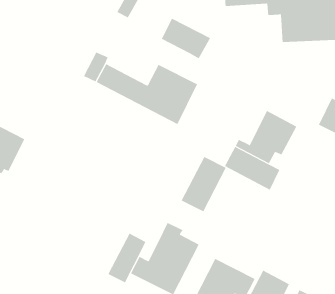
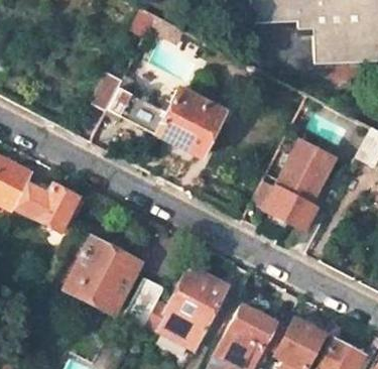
building: [161,18,211,59] -> none
building: none -> [14,183,84,231]
building: [181,156,227,212] -> none
building: none -> [65,237,140,313]

